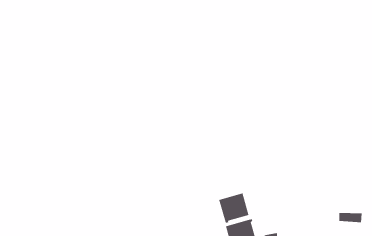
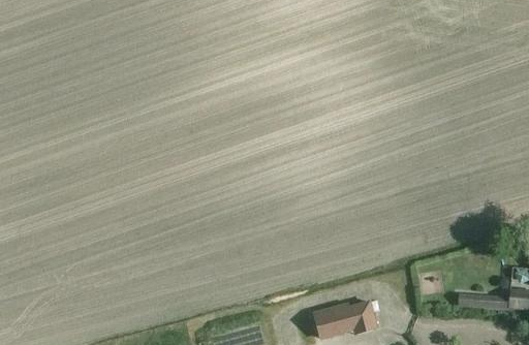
building: [219,192,249,224] -> none

